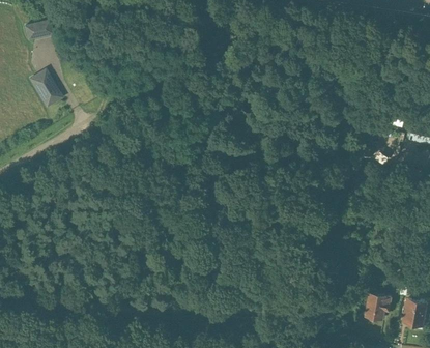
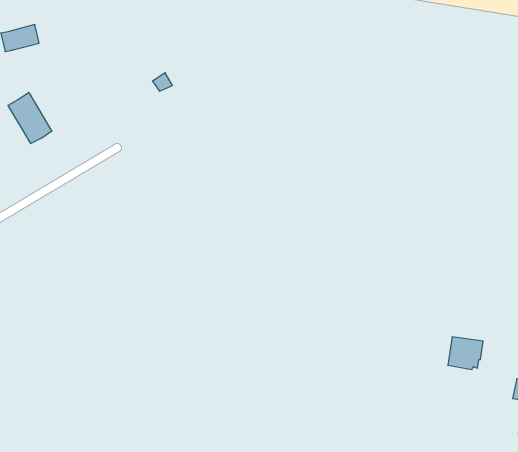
building: [366,293,392,317] -> [448,337,483,370]

